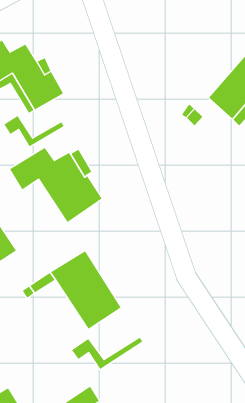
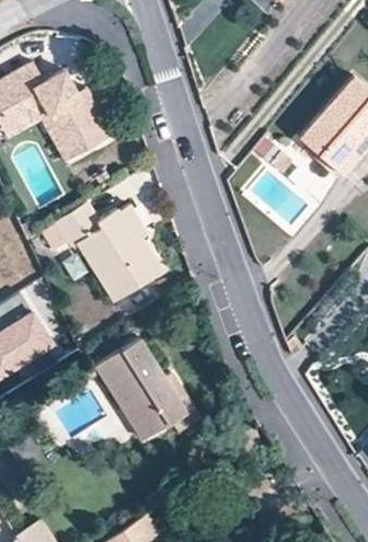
building: [4,115,65,147] -> none
building: [71,337,143,370] -> none

